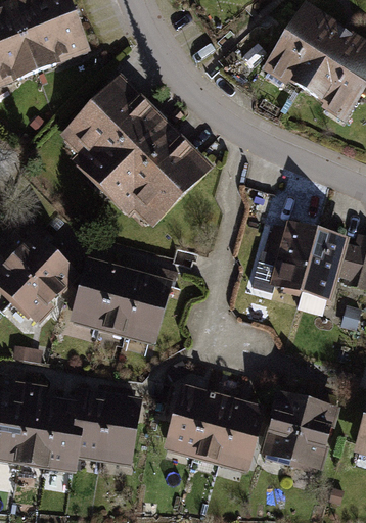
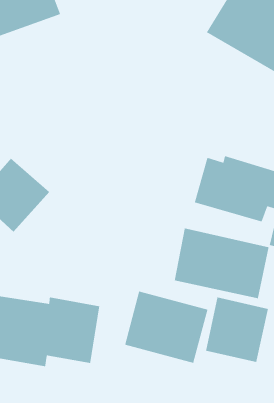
building: [57,76,211,229] -> none
building: [71,256,172,343] -> none
building: none -> [174,228,269,299]

